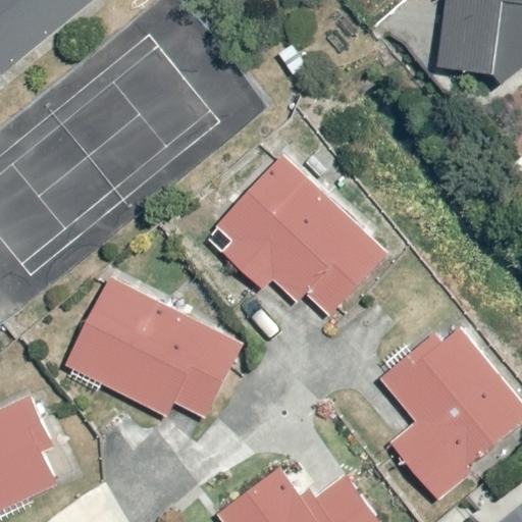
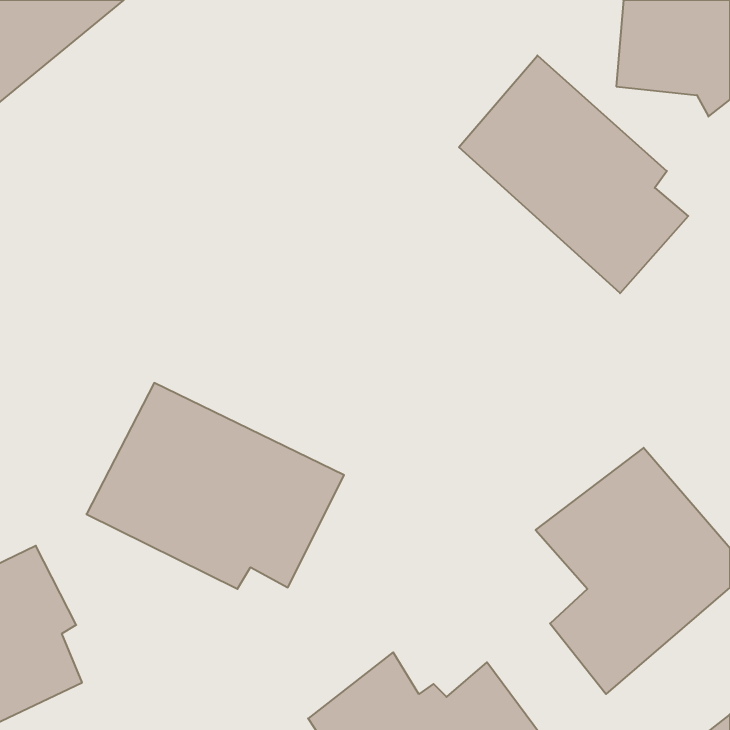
building: none -> [459,55,688,293]
building: [218,155,387,315] -> none

